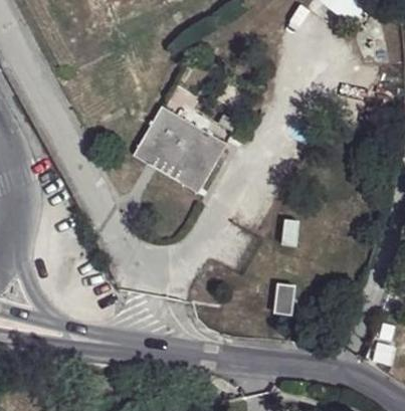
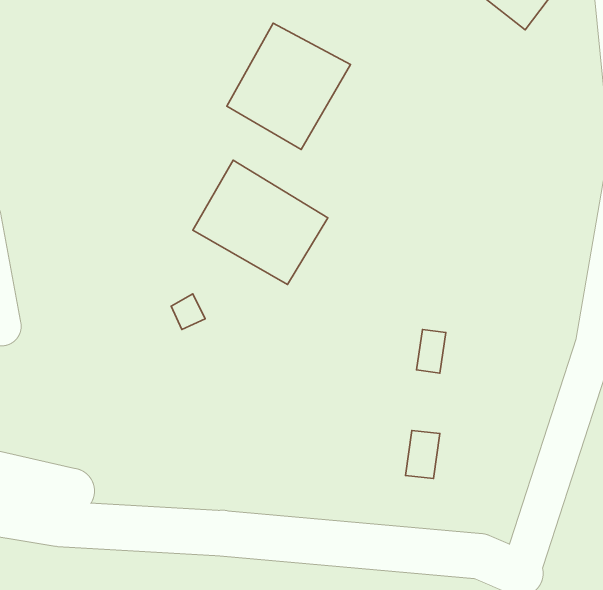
building: none -> [227,23,350,149]

